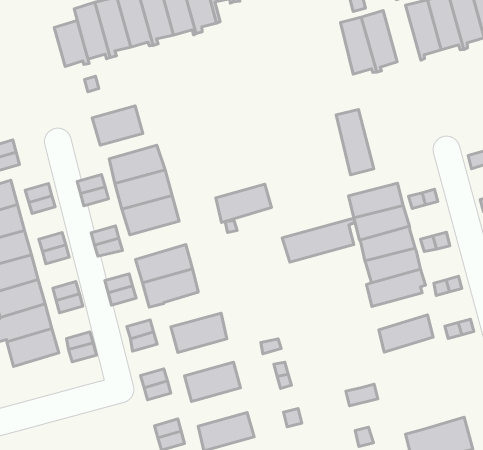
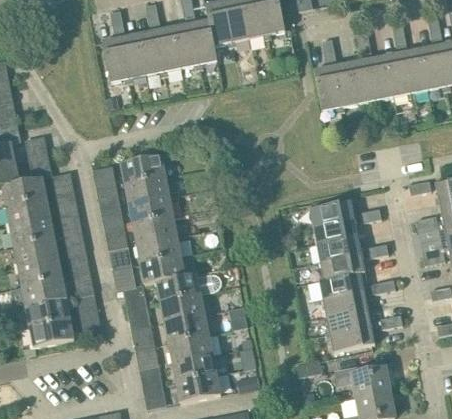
building: none -> [349,58,376,104]
building: [54,20,89,66] -> none
building: [92,106,143,145] -> none
building: [336,110,374,175] -> none
building: [216,184,272,223] -> [133,217,177,245]
building: [282,218,355,262] -> none
building: none -> [156,272,201,301]
building: none -> [322,289,366,316]
building: none -> [329,325,373,352]
building: none -> [164,314,208,341]
building: none -> [32,315,73,343]
building: none -> [334,366,394,398]
building: none -> [172,354,216,382]

